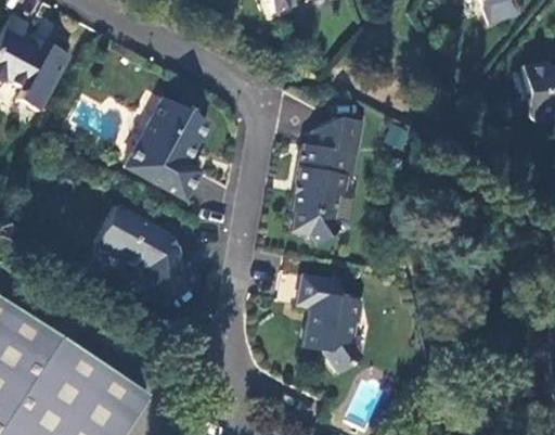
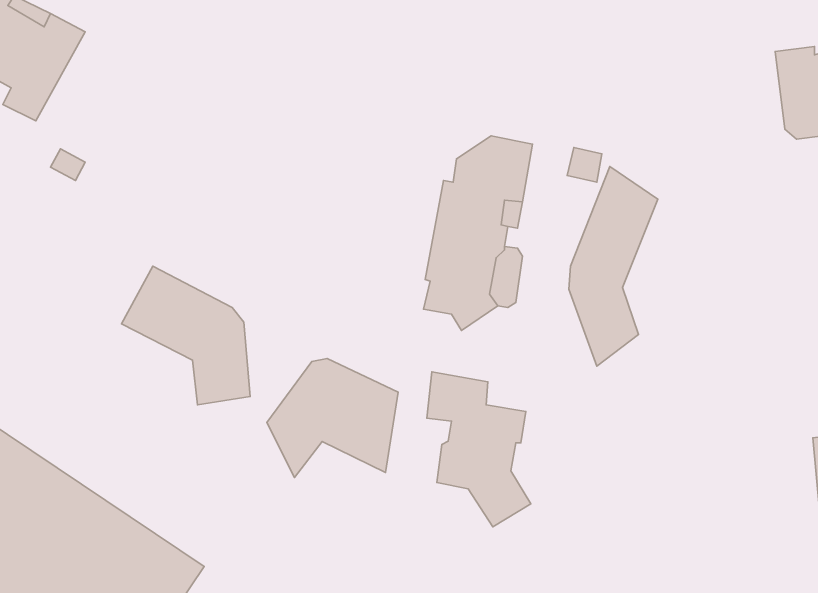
building: [122,95,205,196] -> none
building: none -> [569,167,658,366]
building: none -> [267,358,398,477]

